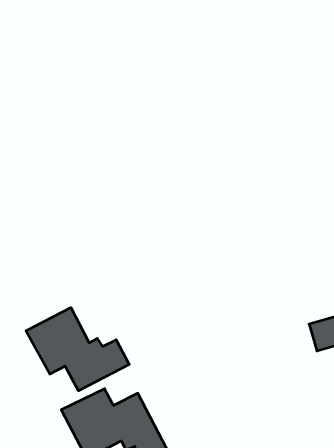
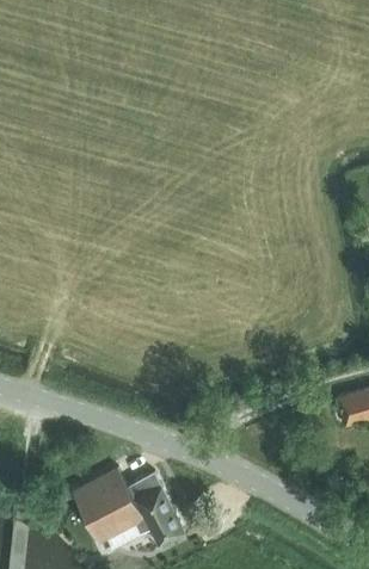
building: [26,308,129,391] -> none

